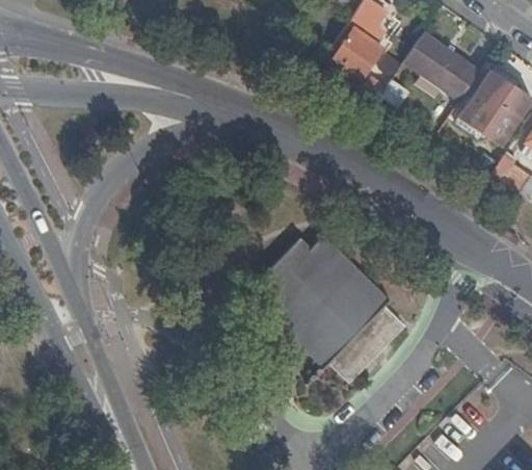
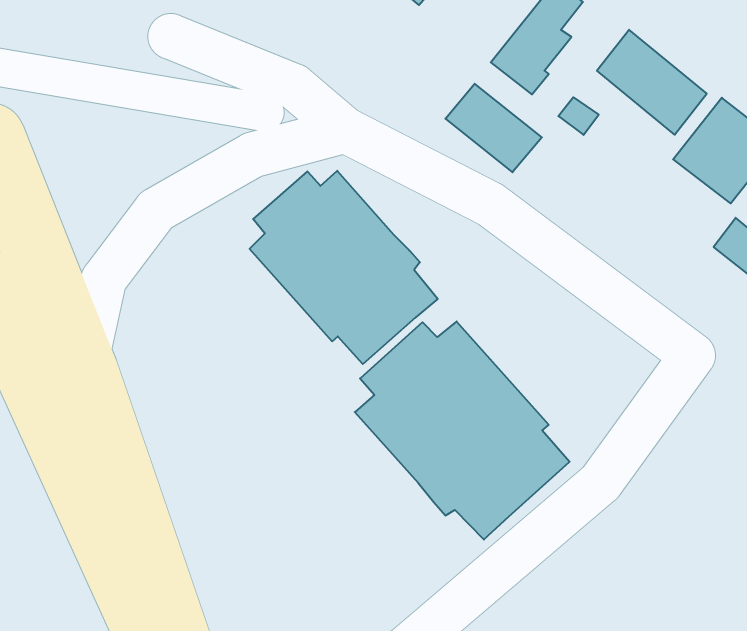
building: none -> [445,84,542,172]
building: none -> [250,171,438,364]

